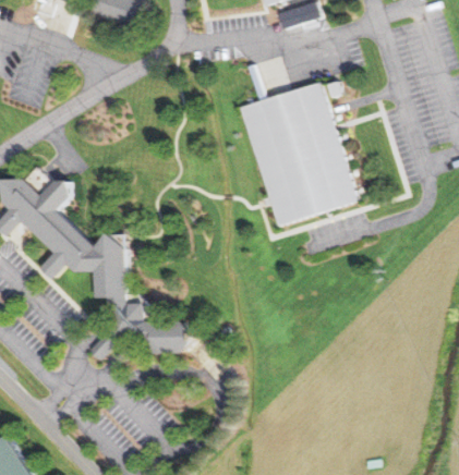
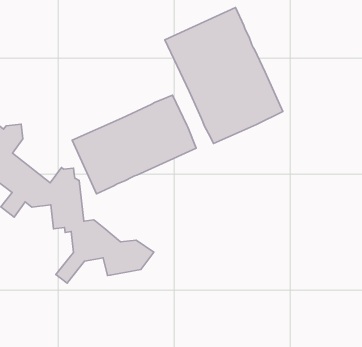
building: none -> [72,95,196,194]

